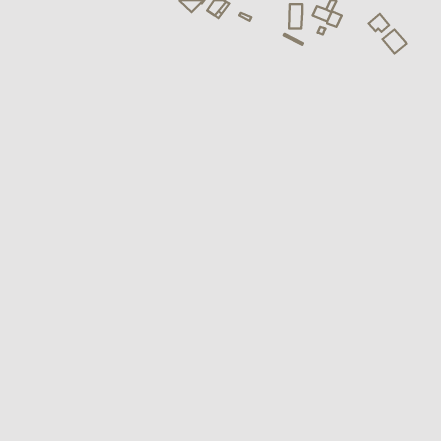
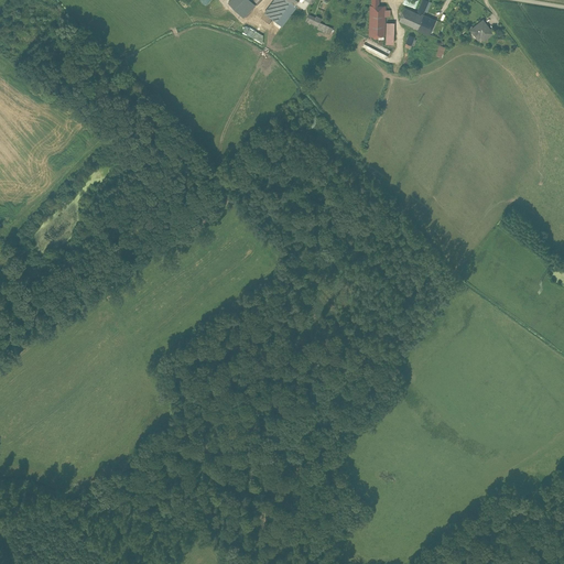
building: [382,29,407,54] -> none

